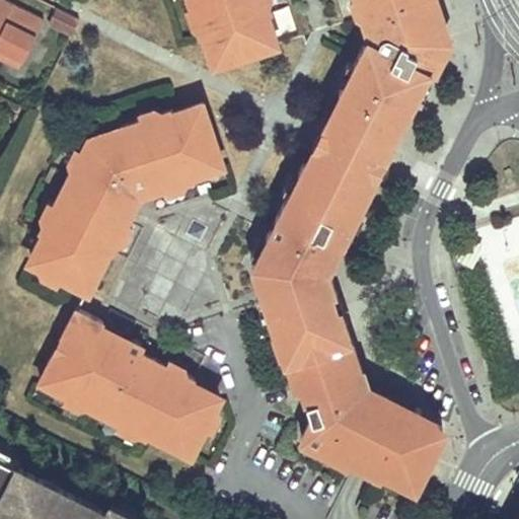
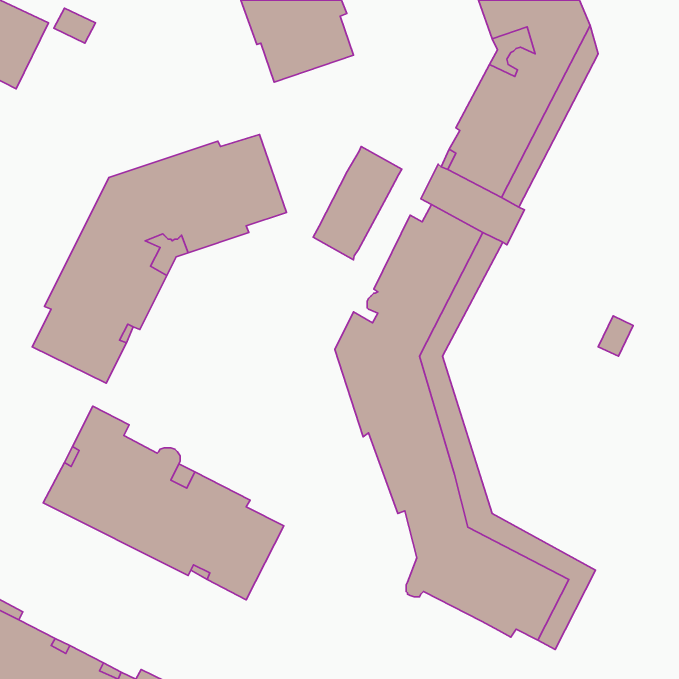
building: none -> [313,147,402,260]

